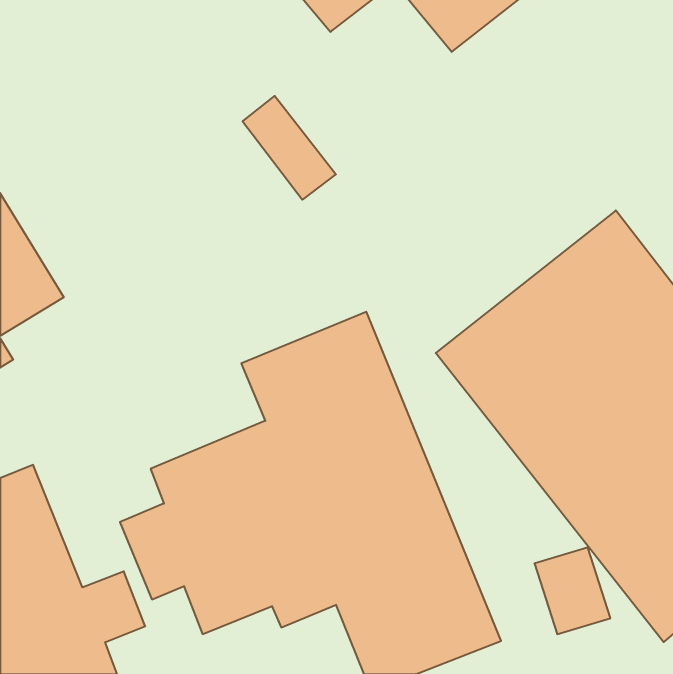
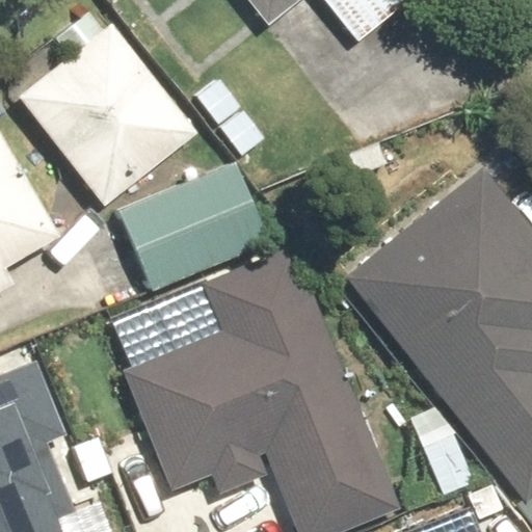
building: none -> [11,7,196,209]
building: none -> [114,161,269,292]

